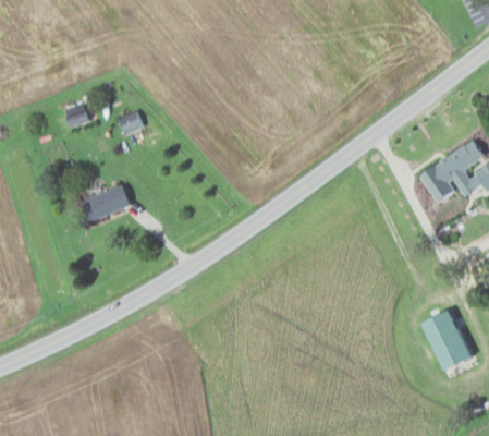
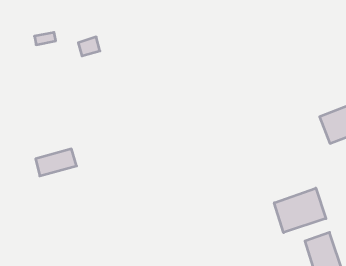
building: [85,183,135,220] -> [36,149,77,176]
building: none -> [274,188,326,233]

